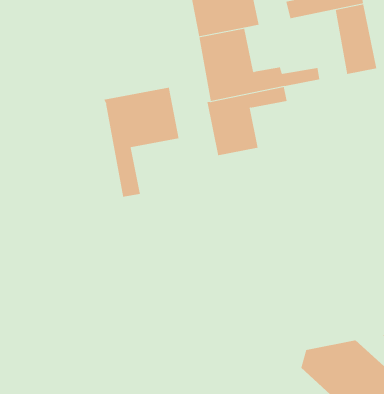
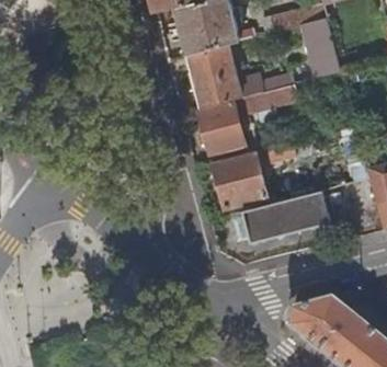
building: [103,87,179,198] -> none
building: none -> [212,150,265,207]
building: none -> [241,191,328,242]

